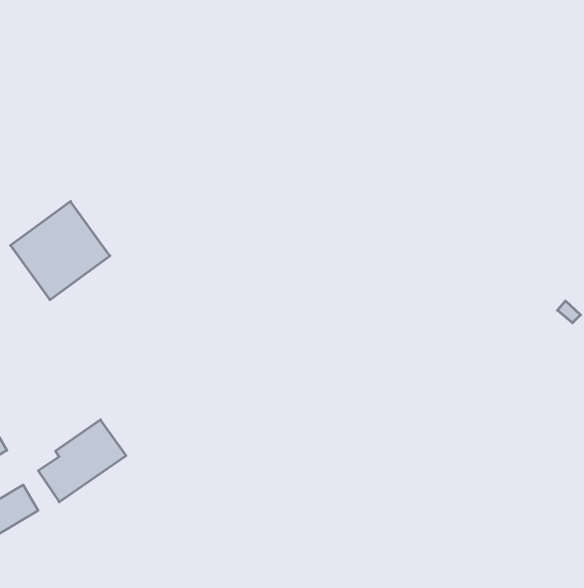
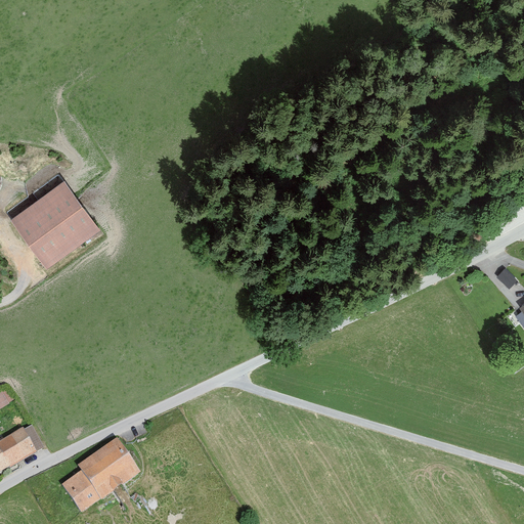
building: [38,420,126,502] -> [61,439,139,512]

